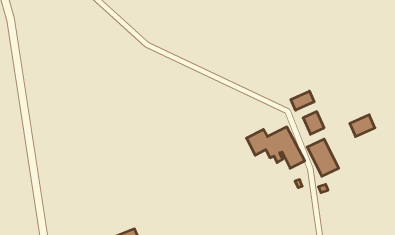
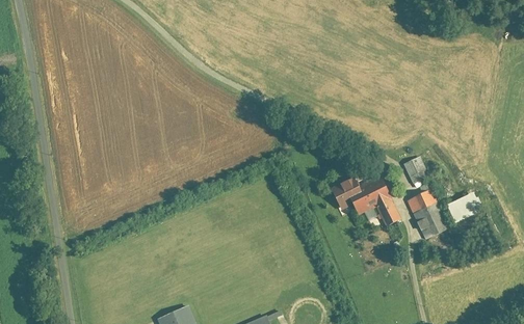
building: [291,91,314,110] -> none
building: [350,115,375,137] -> [446,195,478,223]

